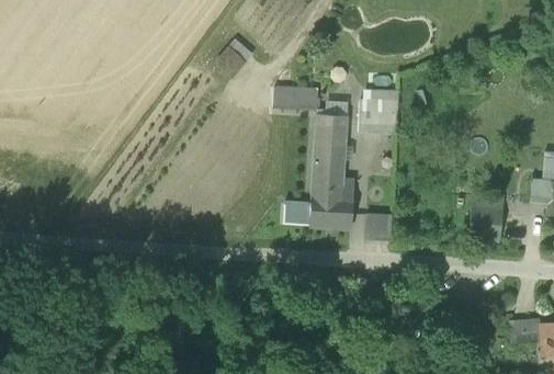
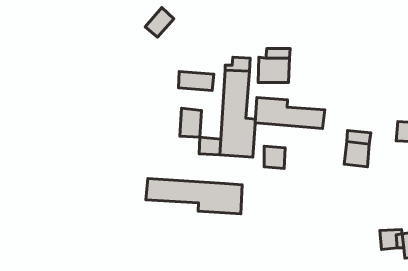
building: [273,87,318,111] -> [178,71,214,91]
building: none -> [255,97,325,129]
building: none -> [180,108,202,137]
building: none -> [146,179,242,214]

